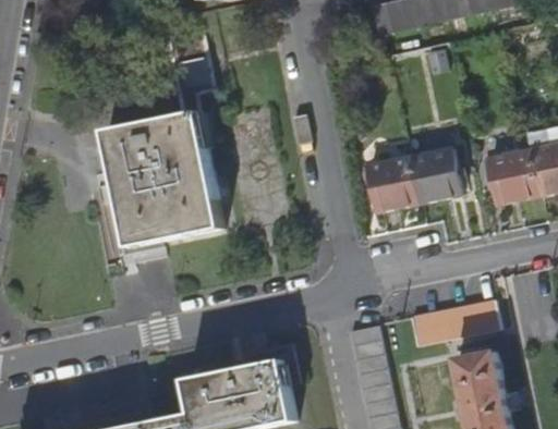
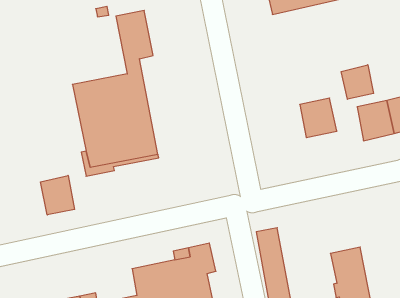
building: none -> [341,65,374,99]
building: [367,157,417,210] -> none
building: none -> [41,175,75,215]
building: [405,299,496,345] -> none

